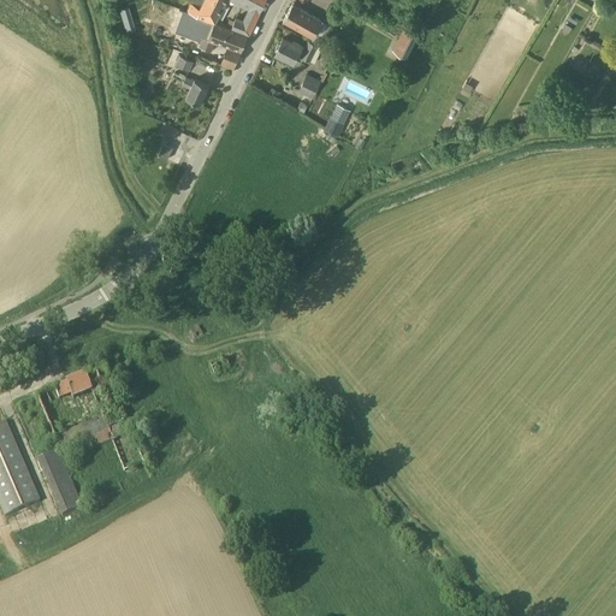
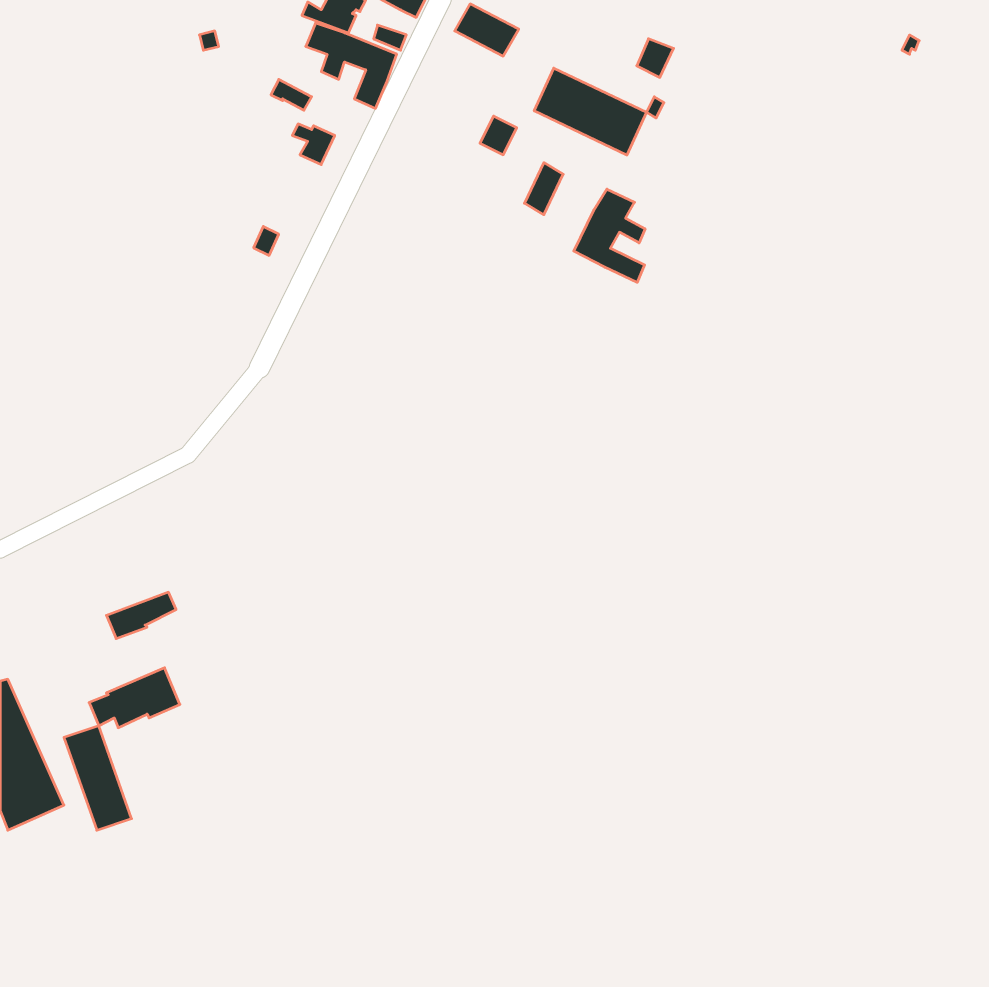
building: [276,36,316,60] -> none
building: none -> [534,68,646,155]
building: none -> [574,189,645,282]

